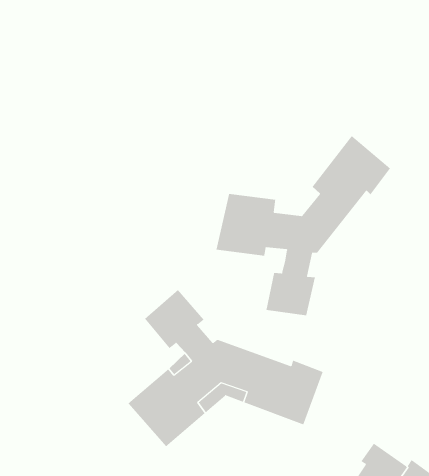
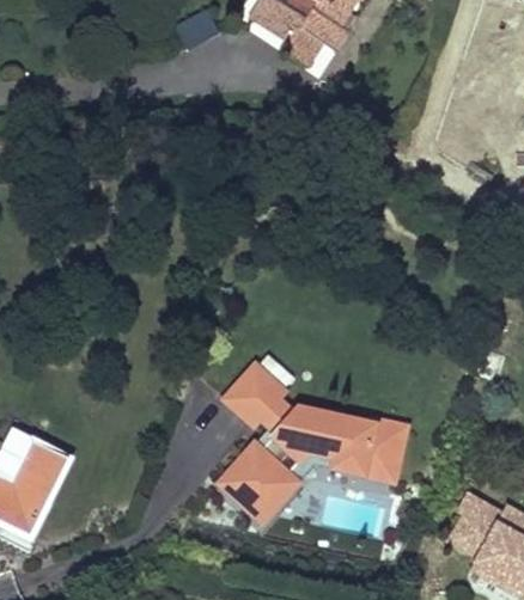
building: [216,135,391,316] -> none

